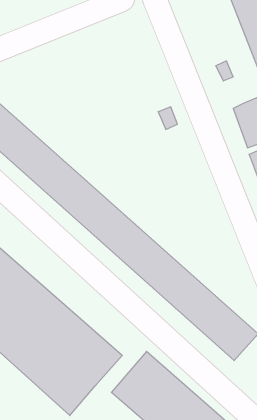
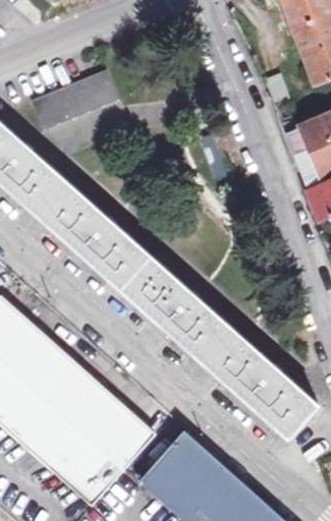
building: none -> [34,70,120,128]

